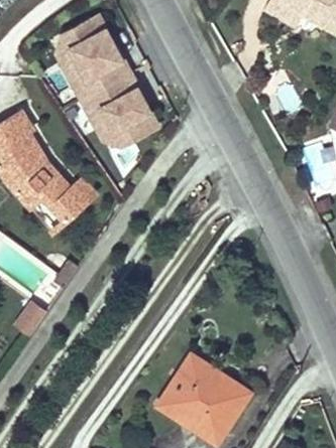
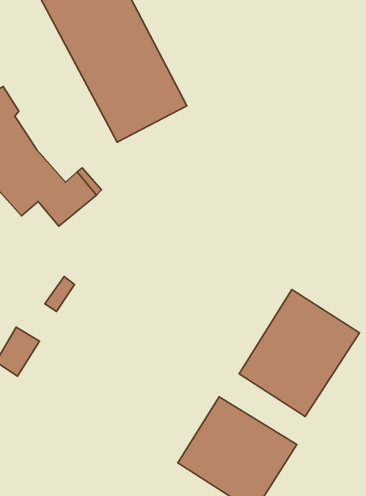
building: none -> [239,290,360,416]

